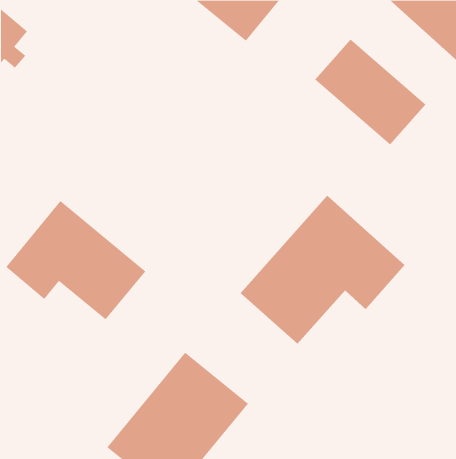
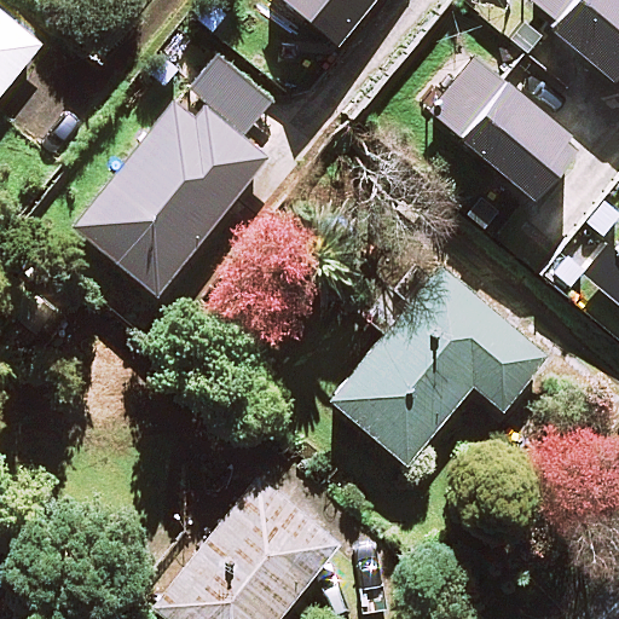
building: none -> [76,54,274,293]
building: [5,200,146,320] -> none

